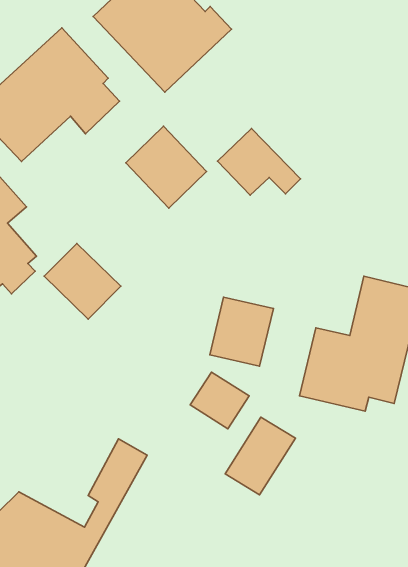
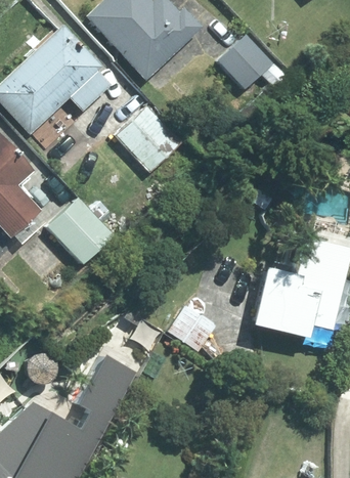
building: [218,128,301,195] -> [218,34,286,88]
building: [210,297,273,366] -> none
building: [225,417,296,495] -> none

